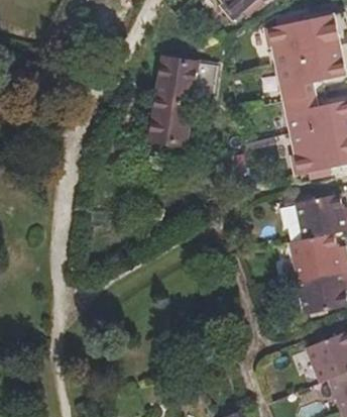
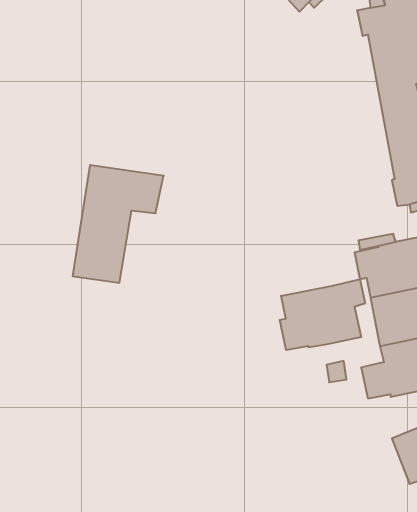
building: [146,61,215,149] -> [73,165,164,283]
building: none -> [280,279,365,350]

